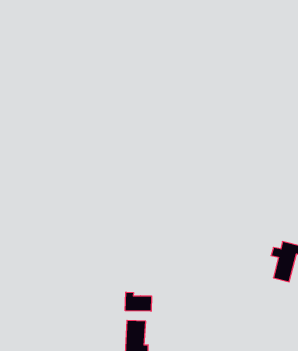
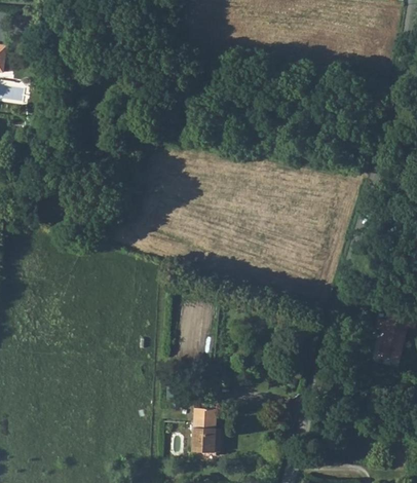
building: [125,292,151,311] -> none

